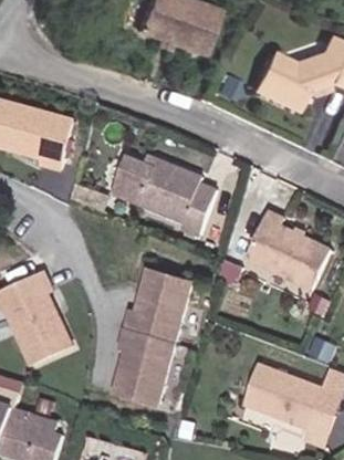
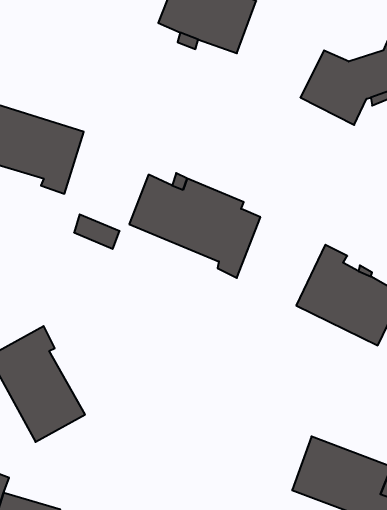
building: [111,269,191,406] -> none

